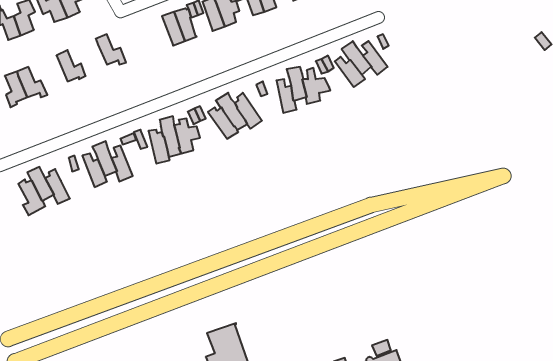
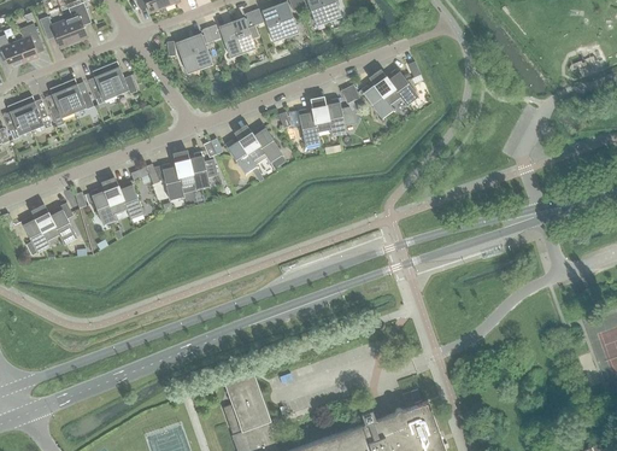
building: none -> [90,66,116,105]
building: none -> [48,84,74,127]

